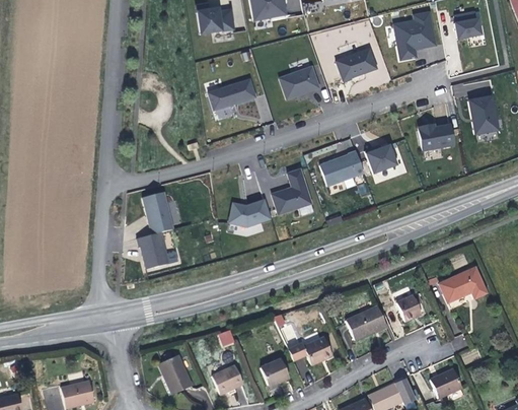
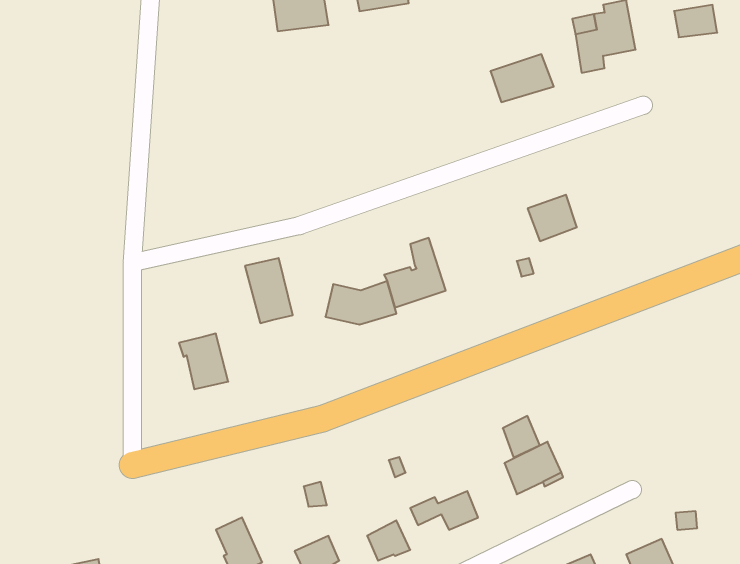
building: [285,67,324,97] -> none
building: [215,76,262,109] -> none
building: [469,96,498,135] -> none
building: [419,126,454,151] -> none
building: [319,151,364,187] -> none
building: [142,192,173,234] -> [245,258,293,323]
building: [440,267,486,301] -> none
building: [397,293,422,321] -> [503,416,540,458]

